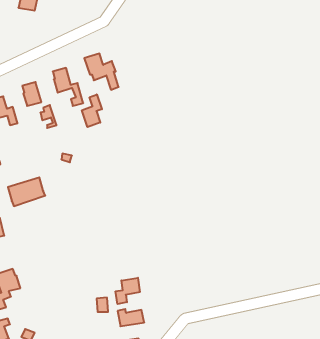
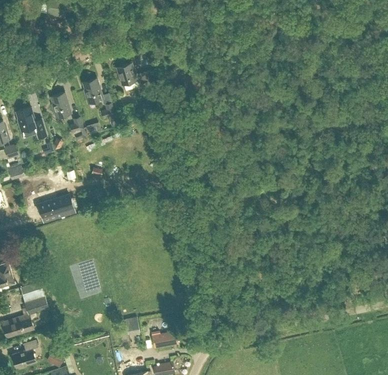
building: [82,94,102,127] -> none
building: [116,278,140,304] -> none

